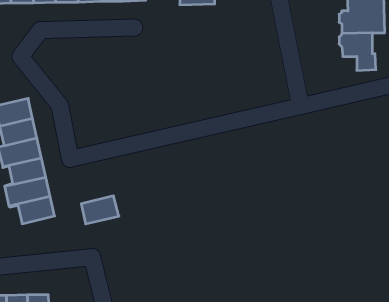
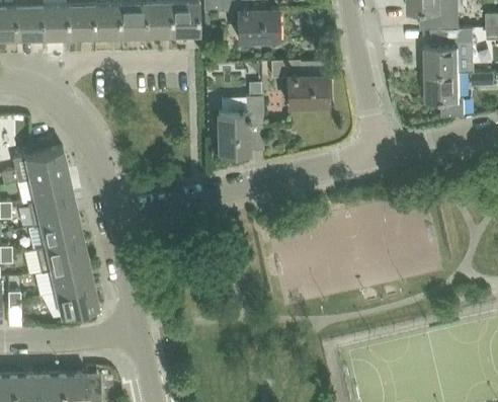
building: none -> [271,62,328,106]
building: none -> [219,82,263,154]
building: [81,196,119,224] -> [56,285,99,317]

